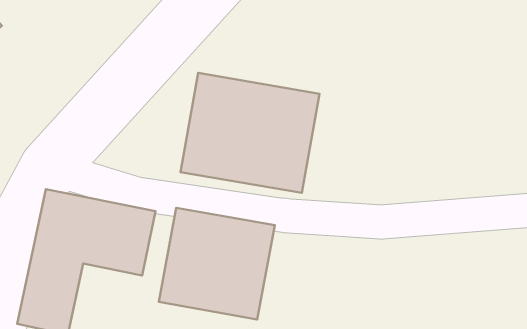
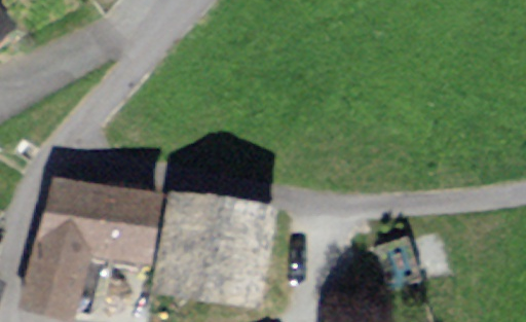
building: [181,73,319,193] -> none

